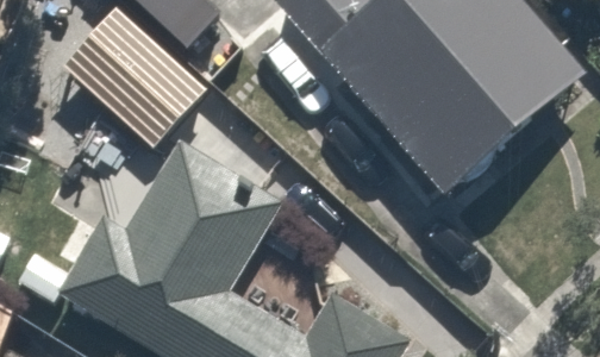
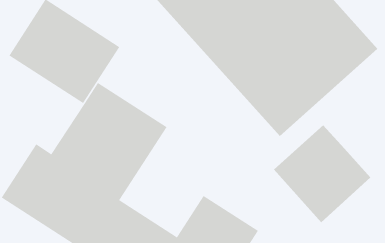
building: none -> [273,125,371,223]

